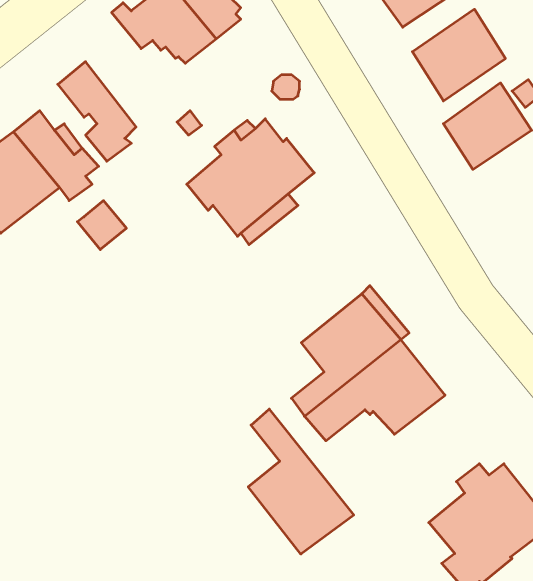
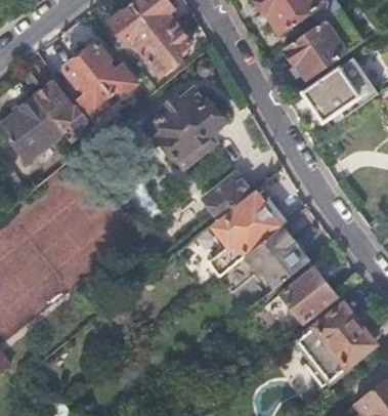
building: none -> [143,27,193,76]
building: none -> [81,41,138,94]
building: none -> [206,174,250,220]
building: none -> [278,267,337,325]
building: [248,409,354,554] -> none

